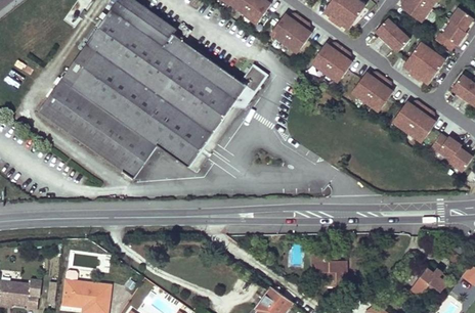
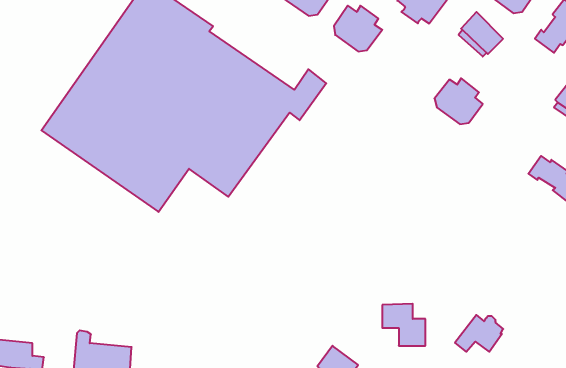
building: [313,43,352,80] -> none
building: [403,44,443,82] -> none
building: [394,101,435,139] -> none
building: [408,268,447,298] -> [455,315,503,352]

